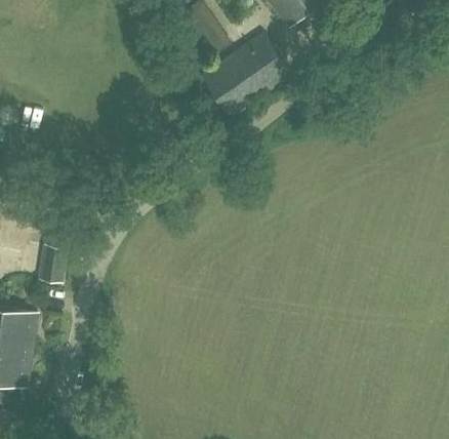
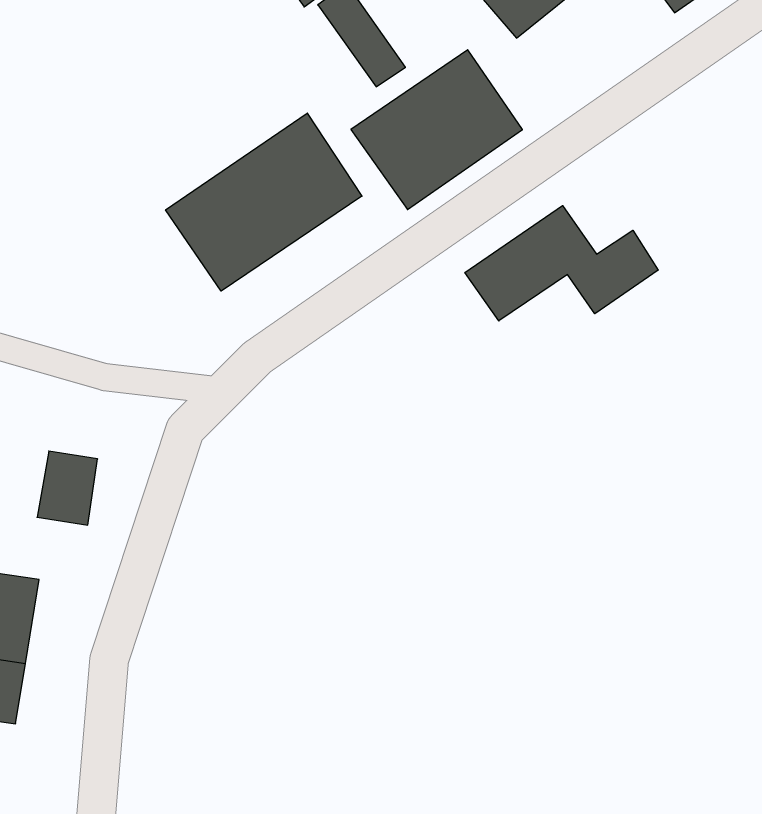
building: none -> [166,113,362,291]
building: none -> [465,206,658,321]

